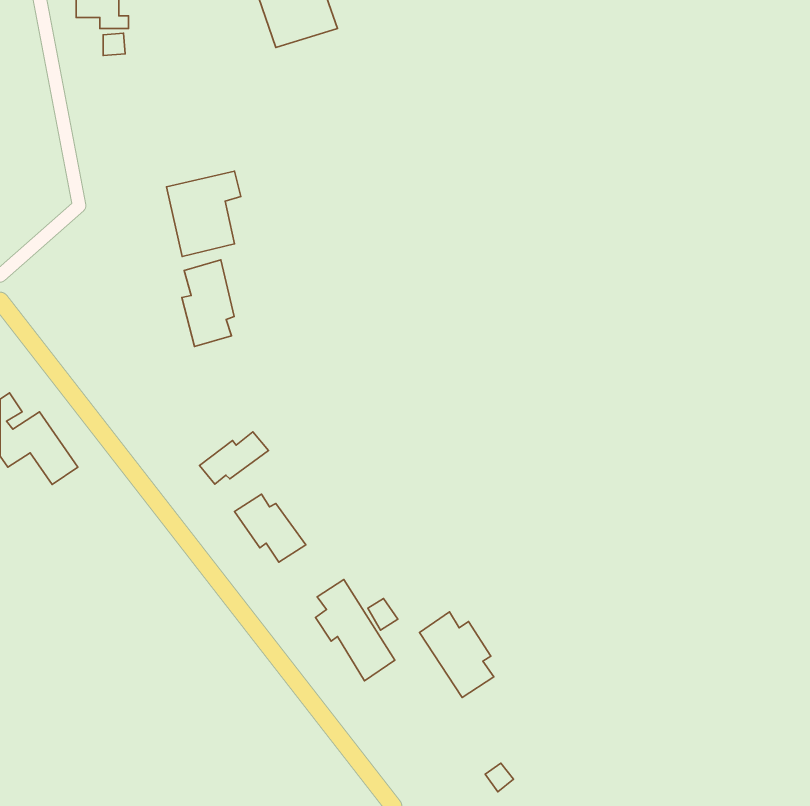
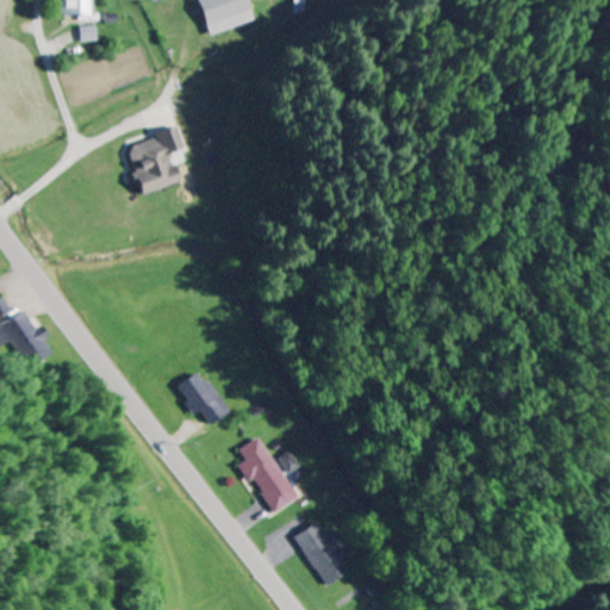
building: [182,260,234,346] -> none
building: [199,432,269,484] -> none
building: [419,612,494,697] -> [293,521,349,585]

